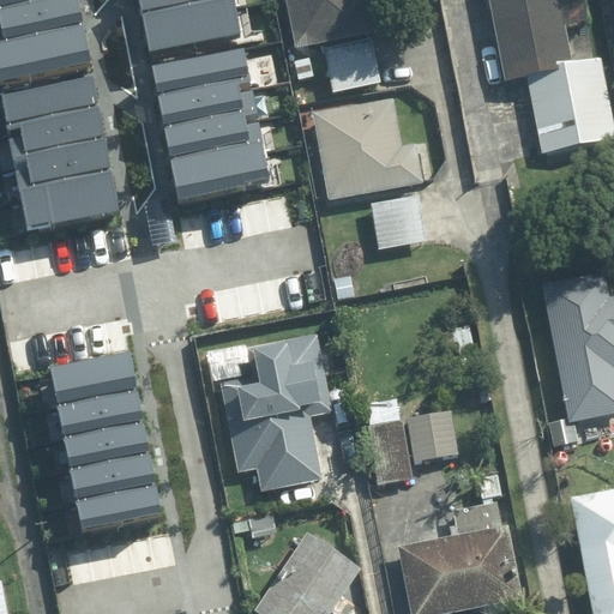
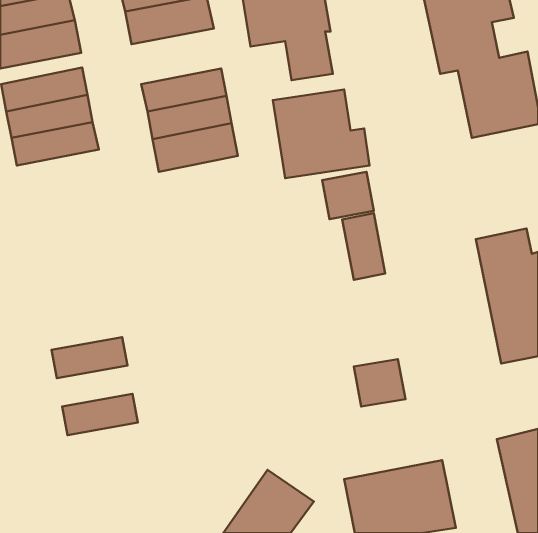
building: [155,47,252,96] -> none
building: [19,170,120,225] -> none
building: none -> [342,213,385,280]
building: [216,336,331,492] -> none
building: [53,351,139,398] -> none
building: [366,393,413,486] -> none
building: [65,416,151,463] -> none
building: [77,481,163,528] -> none

